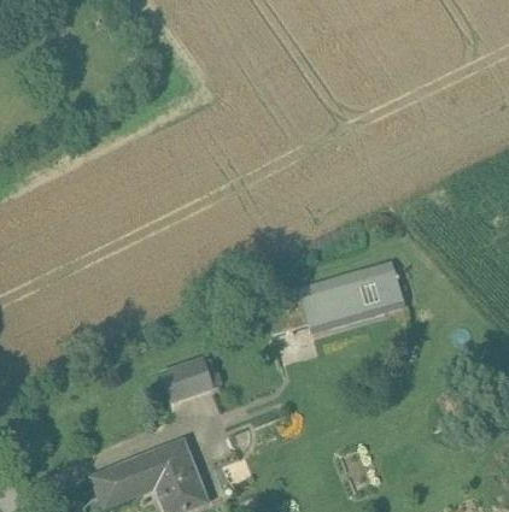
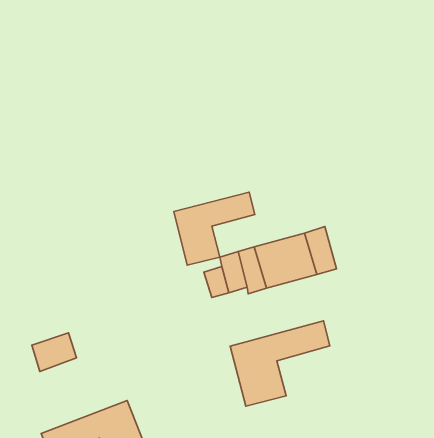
building: none -> [174,192,255,265]
building: none -> [230,321,330,406]
building: [164,361,211,402] -> [32,333,76,372]

